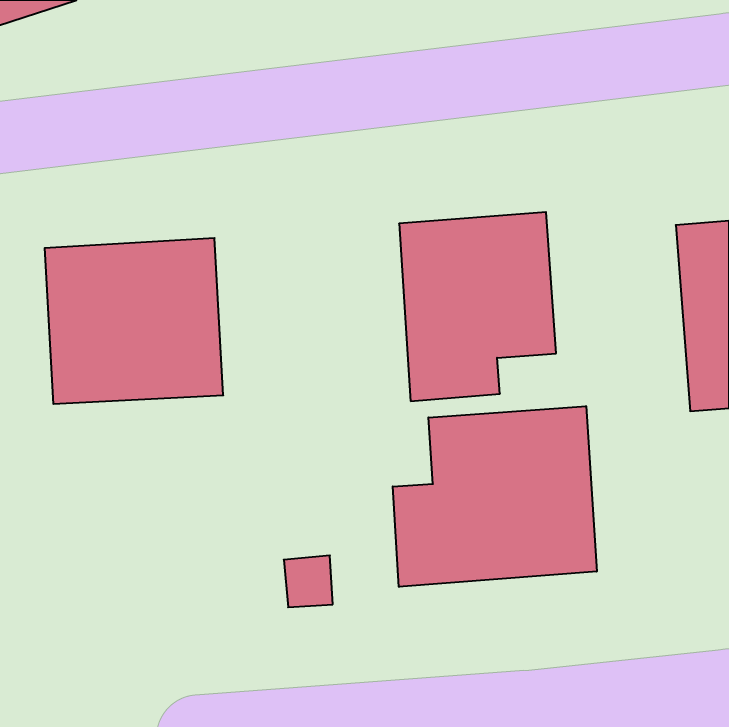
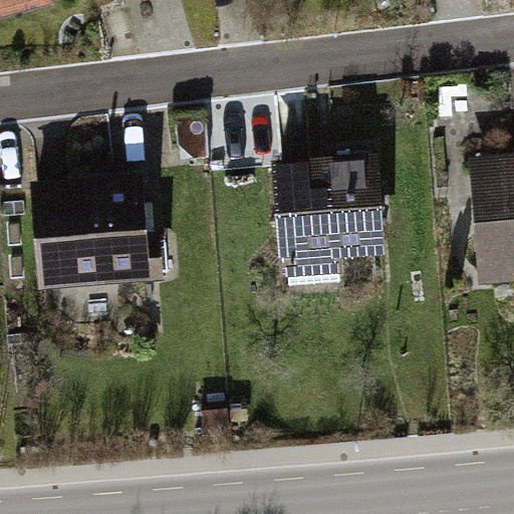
building: [393,406,597,587] -> none

